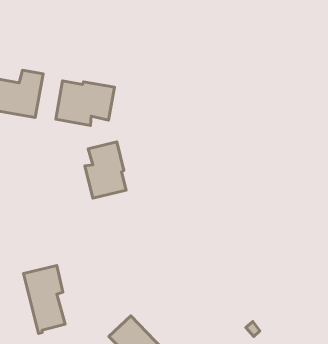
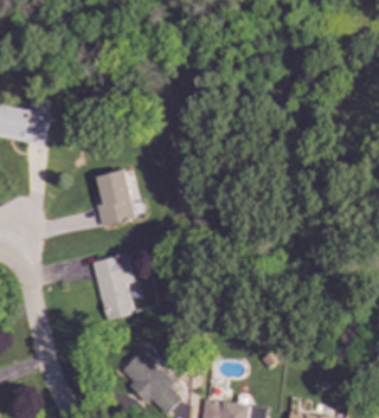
building: [56,81,114,126] -> none
building: [24,265,65,334] -> [91,252,134,322]

